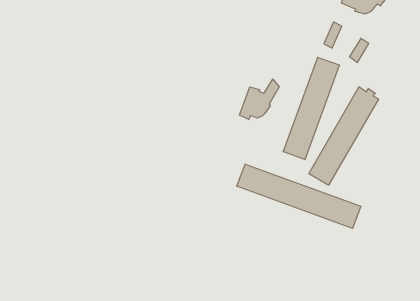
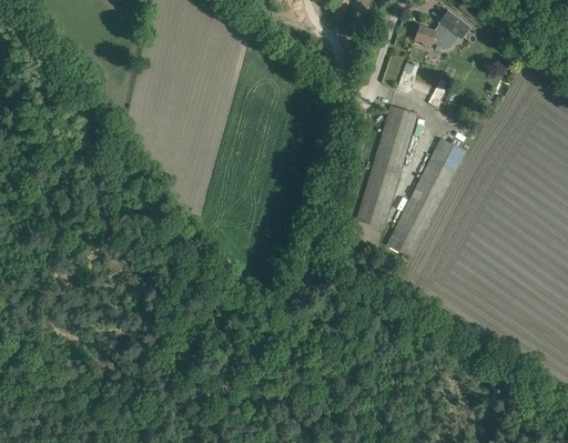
building: [240,79,279,120] -> none
building: [237,164,361,228] -> none

